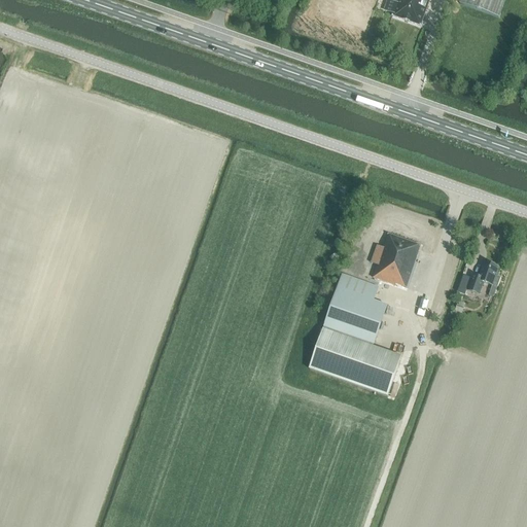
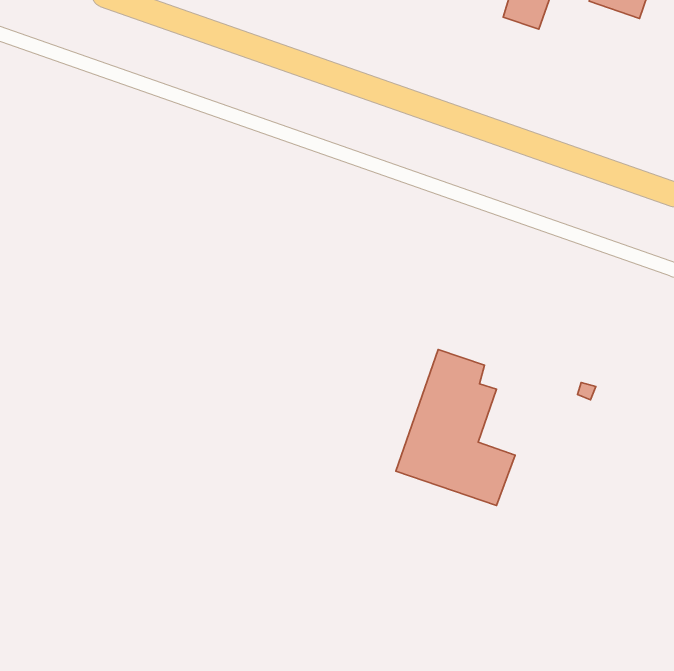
building: [372,232,418,285] -> none
building: [465,259,499,292] -> none

